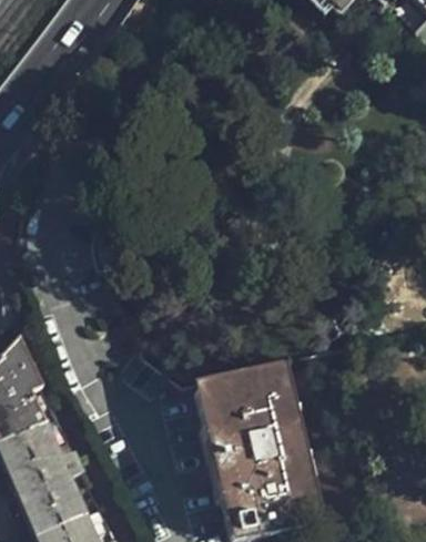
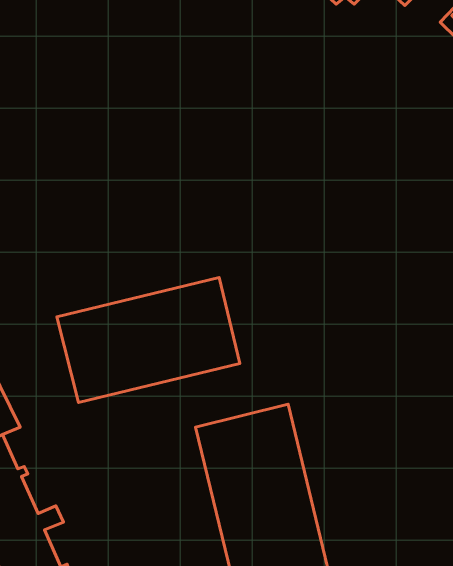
building: none -> [57,277,240,402]

